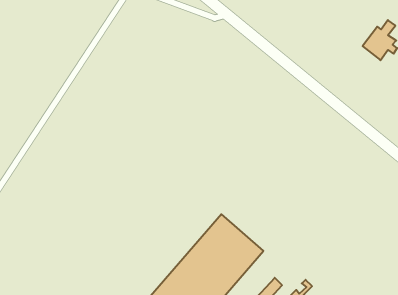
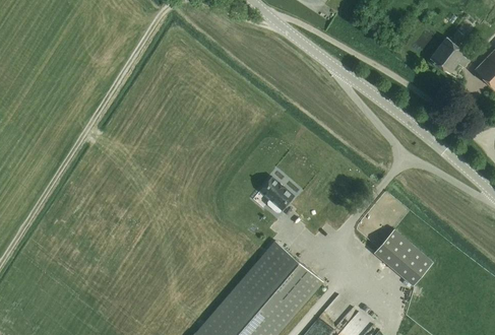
building: none -> [258,176,293,211]
building: none -> [373,228,432,284]

